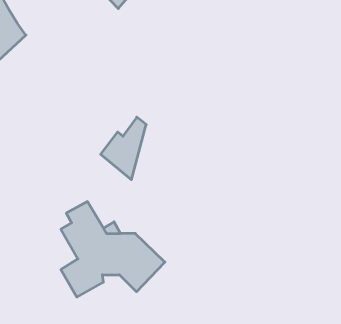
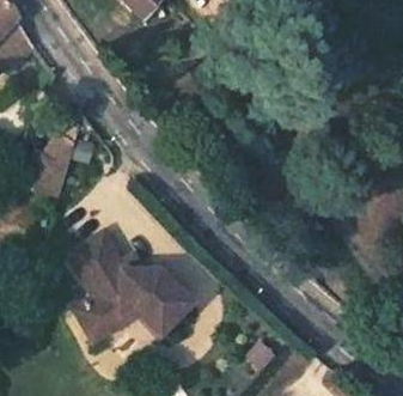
building: [101,117,146,180] -> [18,135,69,206]

